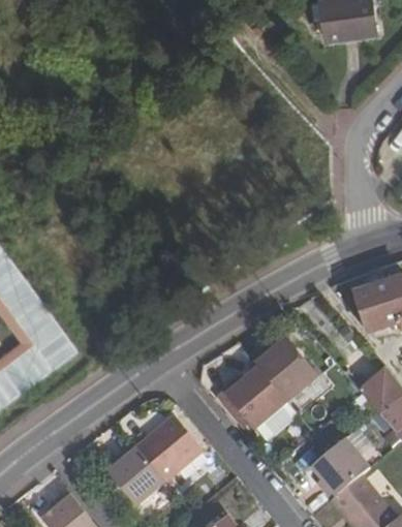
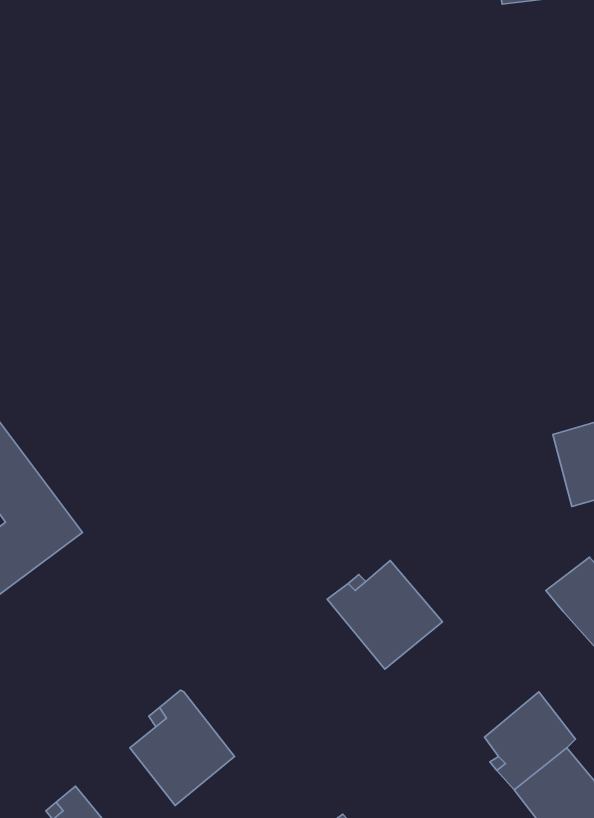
building: [252,338,321,402] -> none
building: [136,414,203,482] -> none

